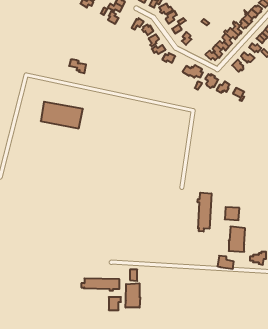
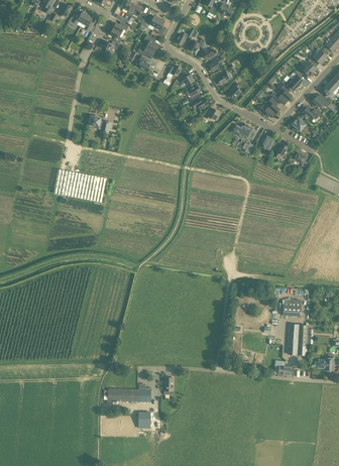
building: [198,193,211,232] -> none
building: [126,283,140,308] -> none

